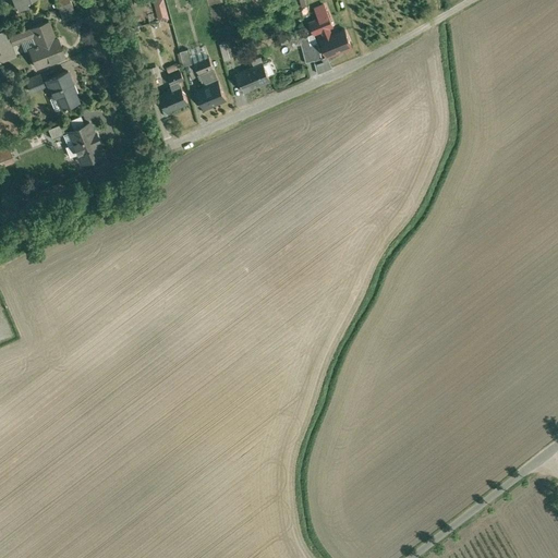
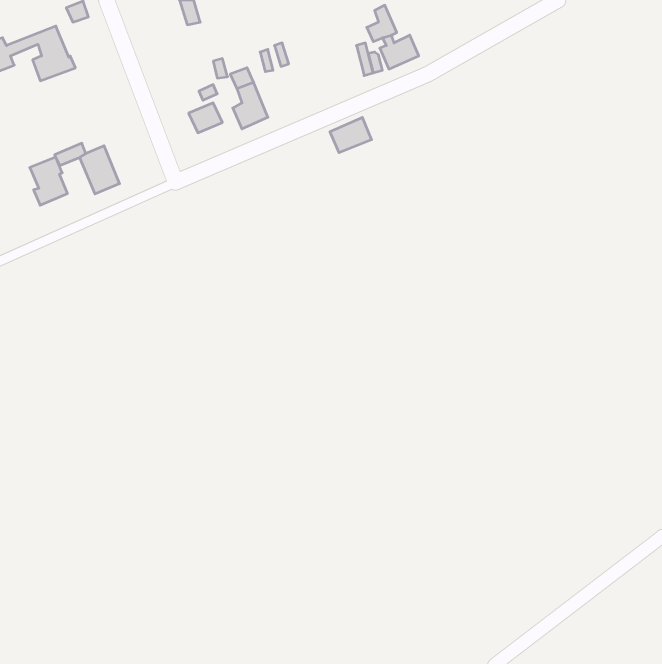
building: [234,63,269,93] -> [330,117,372,153]
building: [45,72,76,112] -> [30,157,67,205]

